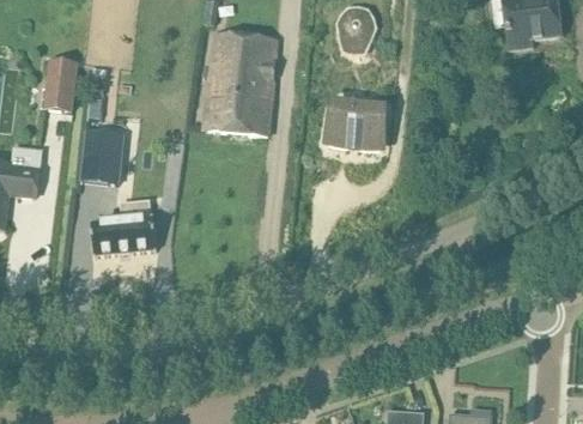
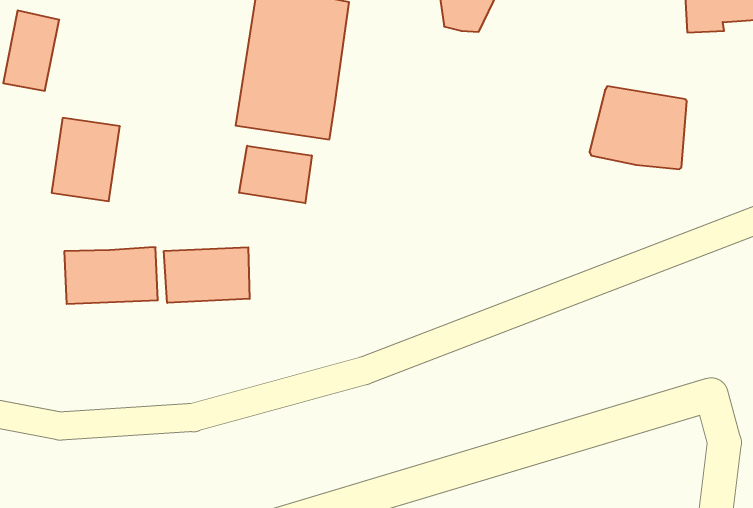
building: [322,98,387,152] -> [589,86,687,169]
building: none -> [239,146,312,203]
building: none -> [164,247,250,303]

